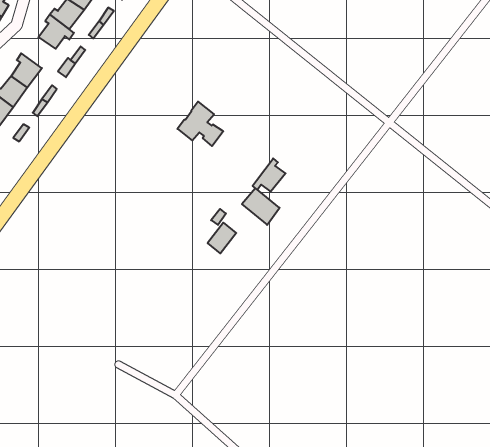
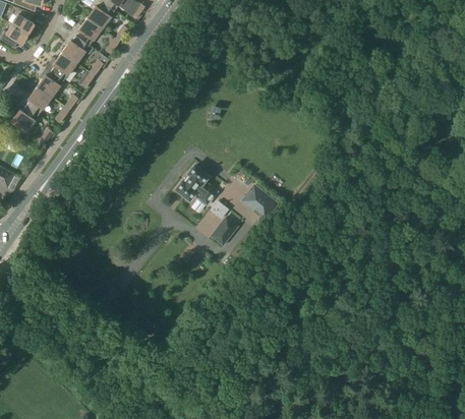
building: none -> [46,53,76,80]
building: [177,102,223,146] -> [176,166,217,205]
building: [253,158,286,191] -> none

